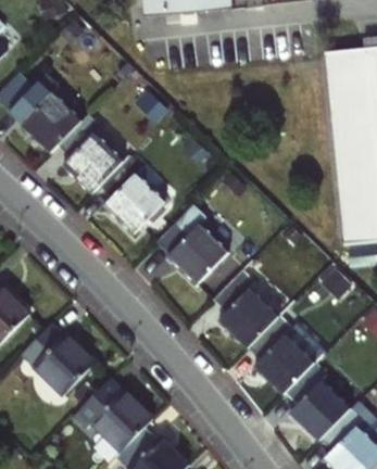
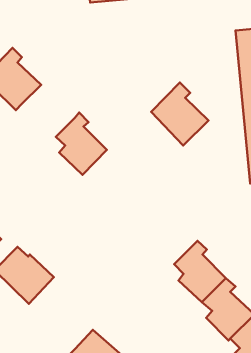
building: [58,114,124,192] -> none
building: [156,204,228,283] -> [151,82,208,146]
building: [212,269,278,347] -> none
building: [81,381,154,452] -> none

